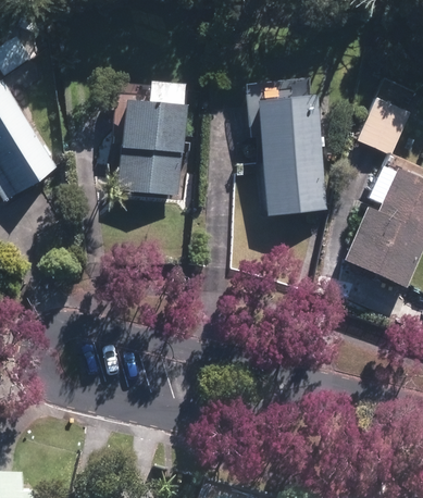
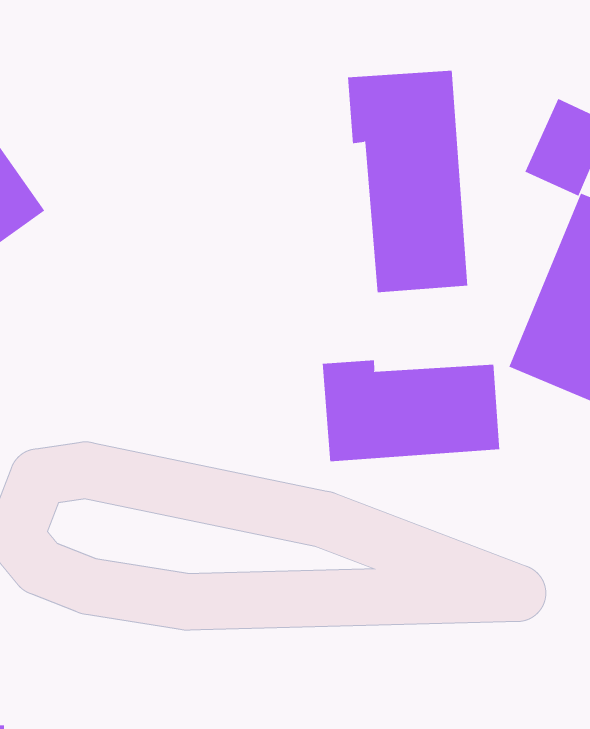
building: [113,82,184,196] -> none
building: none -> [322,360,500,462]

